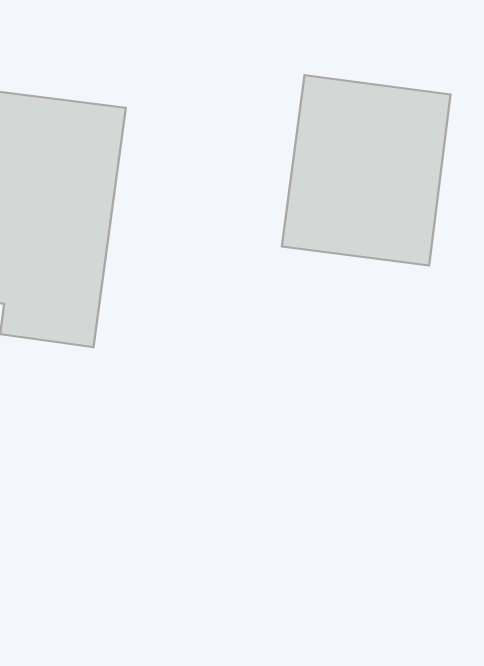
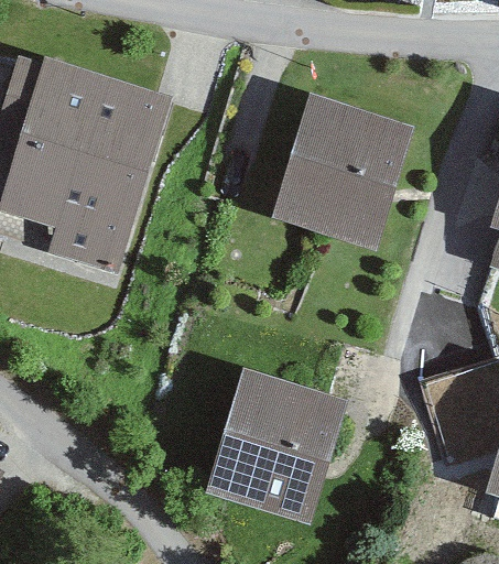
building: none -> [204,368,349,525]

